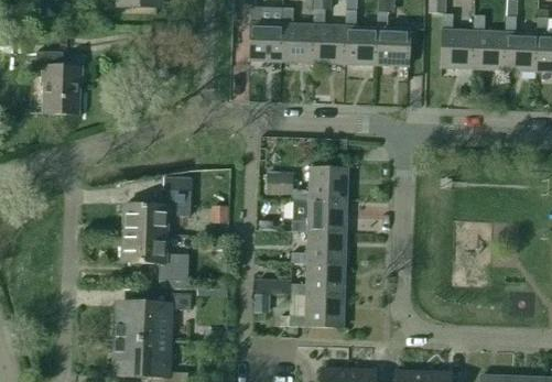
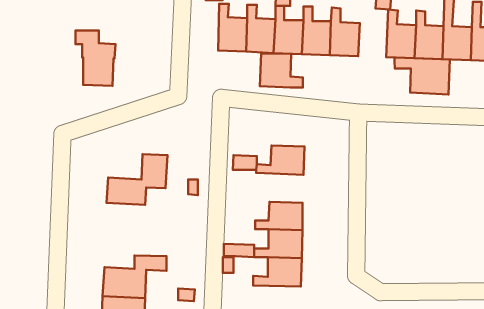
building: [35,50,80,112] -> [76,30,115,86]
building: none -> [260,54,303,88]
building: none -> [394,57,450,94]
building: [292,197,346,231] -> none
building: [121,231,188,280] -> none

